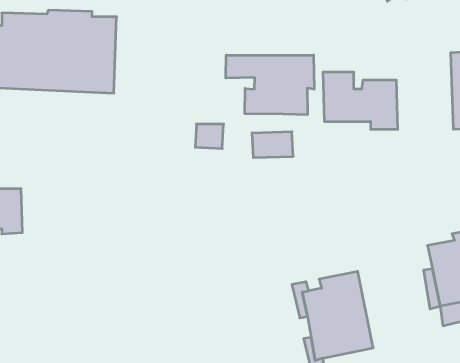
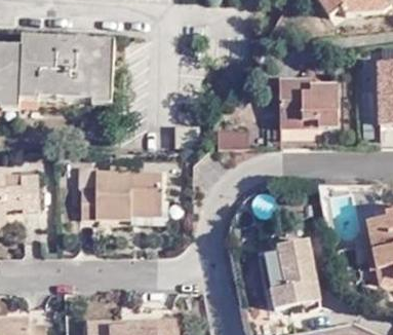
building: [226,55,314,115] -> none
building: none -> [82,170,163,216]

